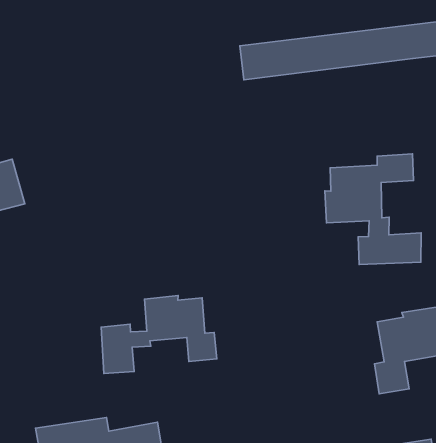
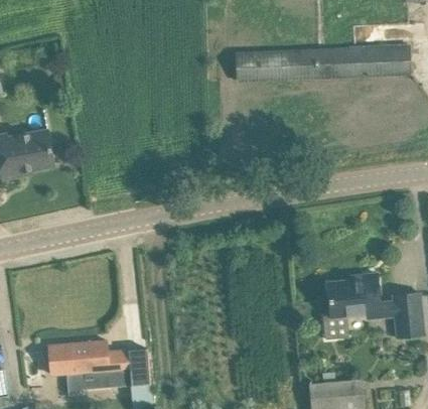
building: [325,154,421,265] -> none
building: [101,296,217,374] -> none

